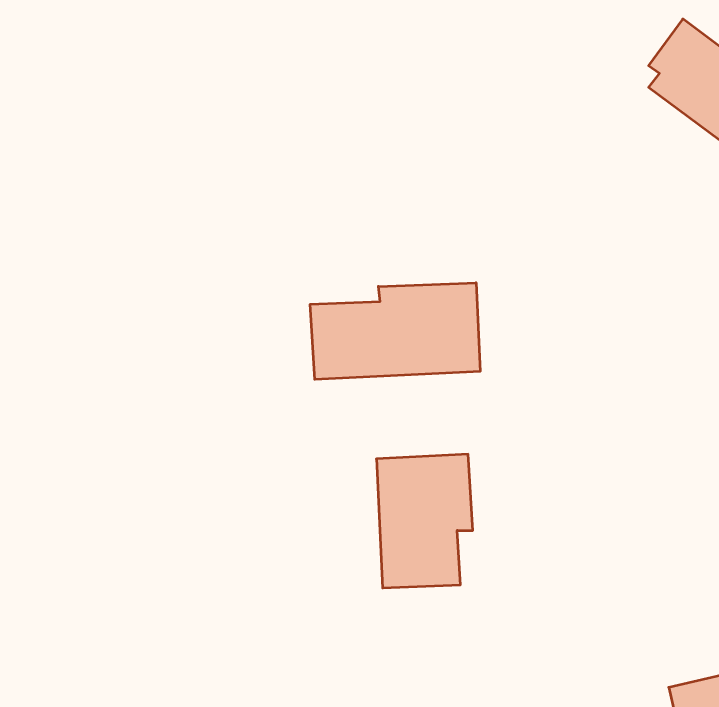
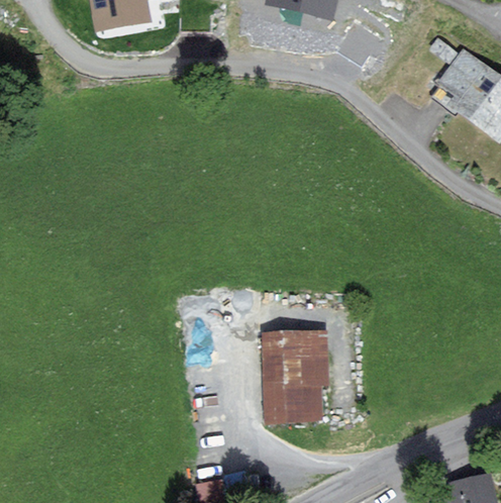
building: [310,283,480,379] -> none

